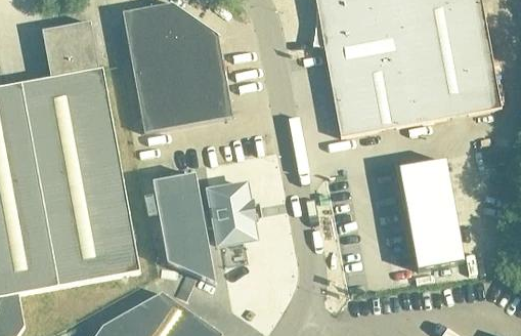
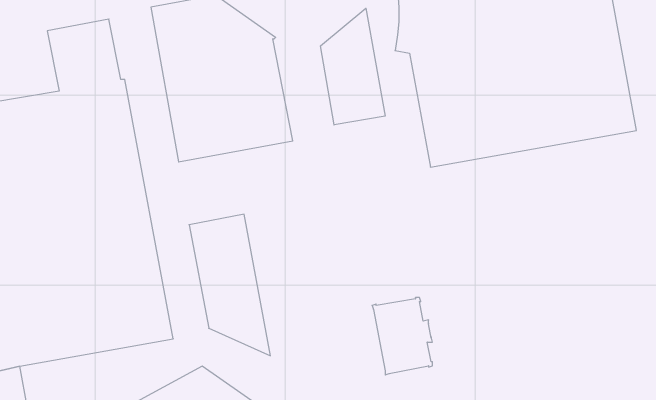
building: none -> [320,8,385,125]
building: [399,157,464,268] -> none
building: [208,184,255,245] -> [372,298,432,375]

